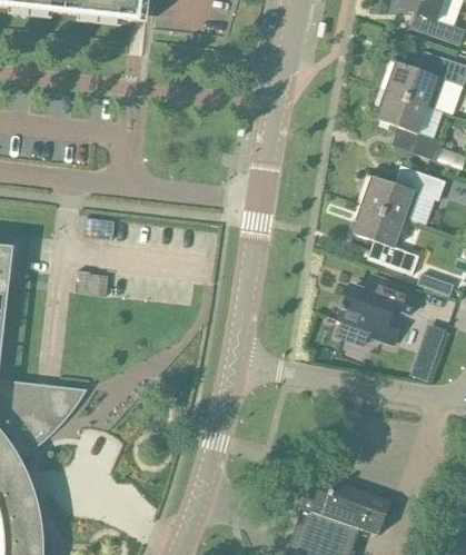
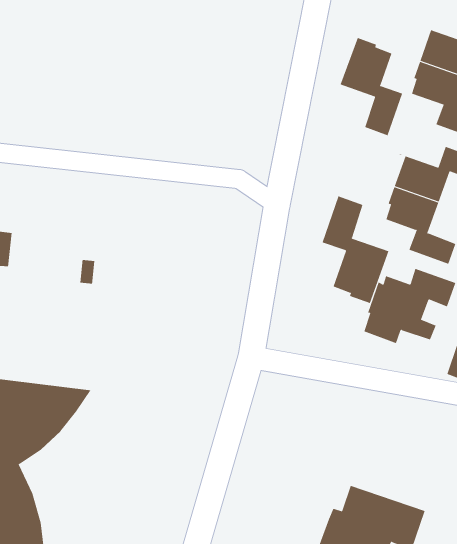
building: none -> [340,37,403,136]
building: none -> [322,195,389,304]

